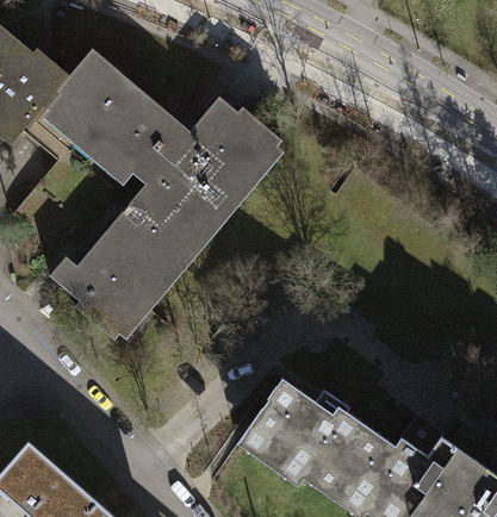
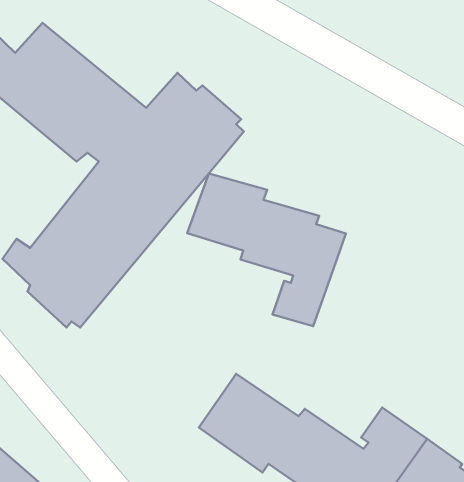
building: none -> [187,173,346,326]

